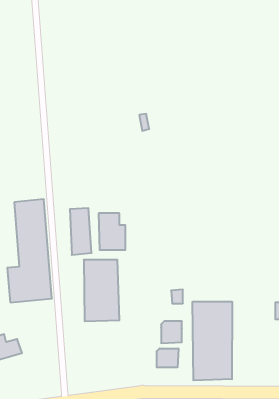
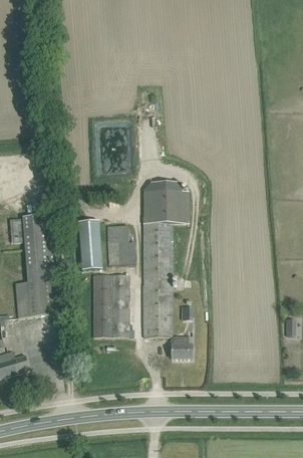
building: none -> [142,181,187,336]
building: [193,302,232,380] -> none
building: [157,348,178,367] -> none

